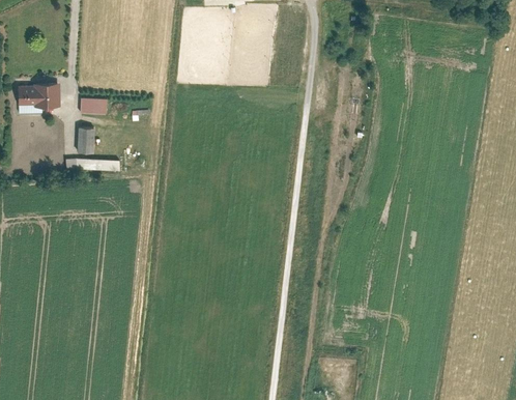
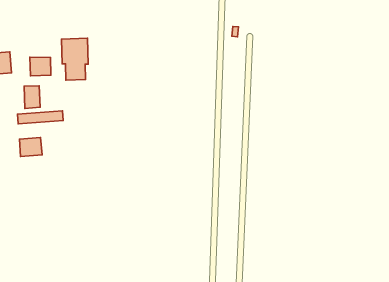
building: none -> [61,38,88,80]
building: none -> [20,137,42,157]

